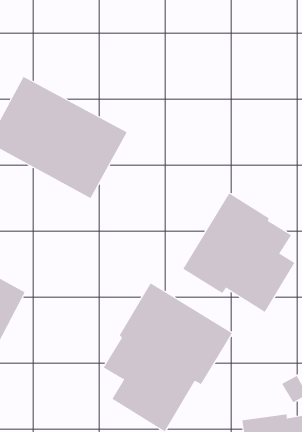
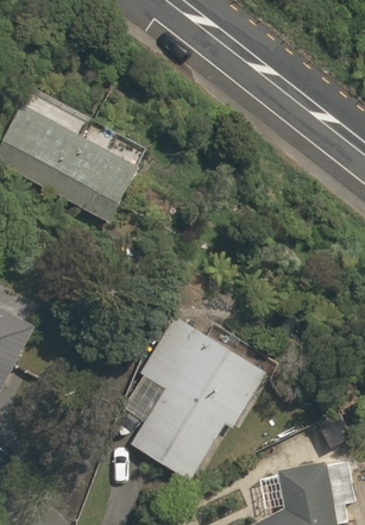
building: [182,192,295,313] -> none

